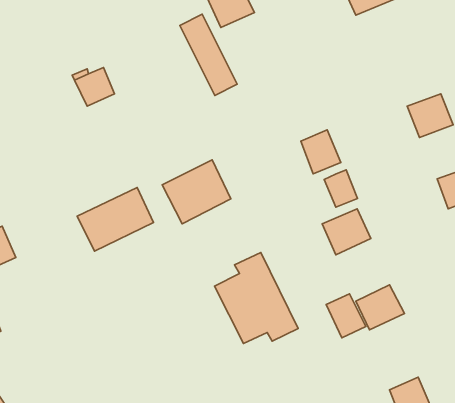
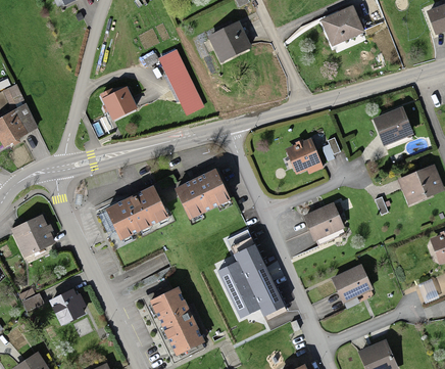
building: [180,14,237,96] -> [158,46,205,112]
building: [324,170,358,207] -> none
building: [326,294,366,338] -> none
building: none -> [151,288,203,357]
building: none -> [49,290,85,324]

